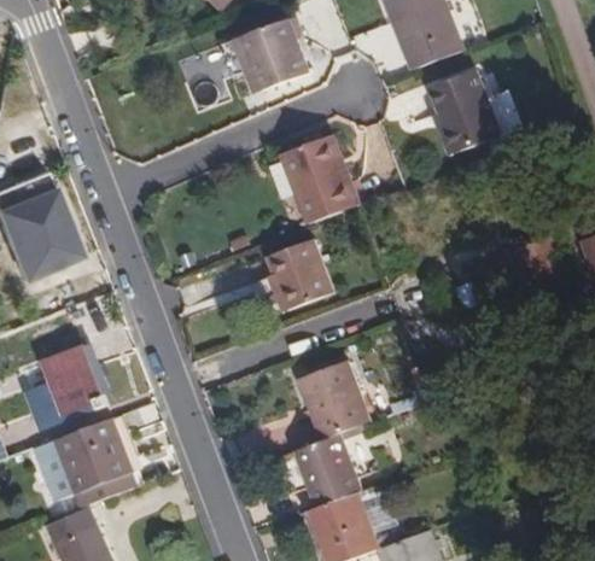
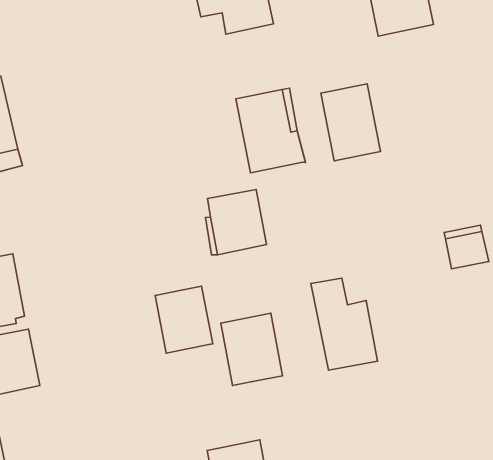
building: [431,69,500,151] -> [321,84,380,161]
building: none -> [311,278,377,370]
building: [297,434,362,507] -> [155,286,213,353]

